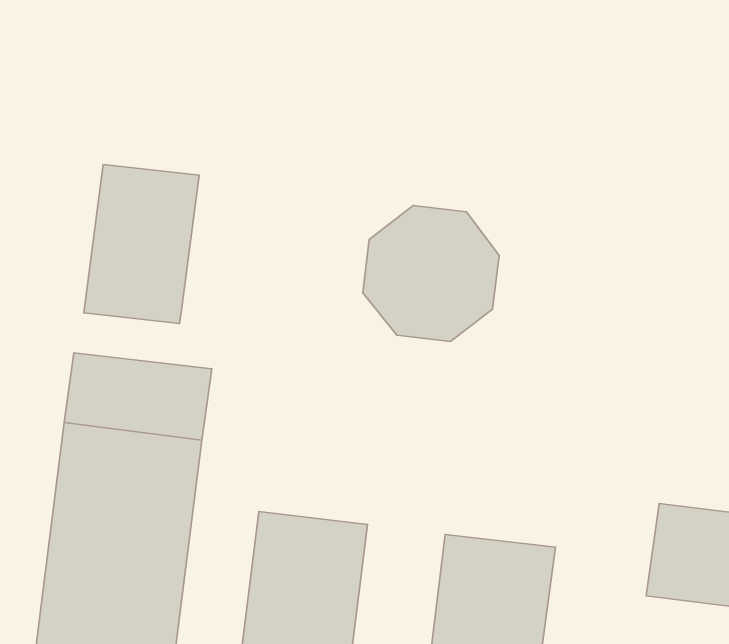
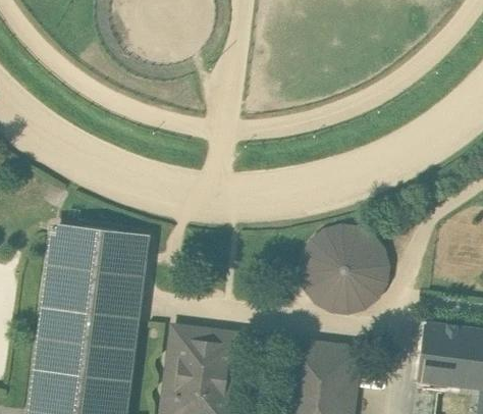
building: [84,164,199,324] -> none
building: [363,205,499,342] -> [303,227,388,313]

